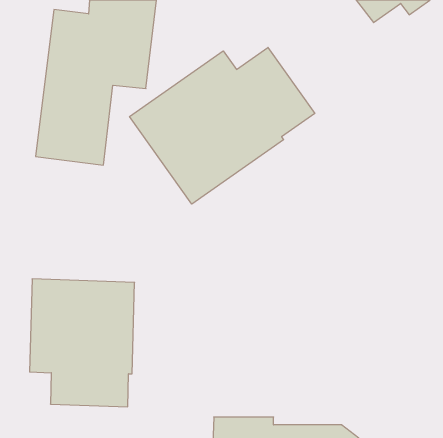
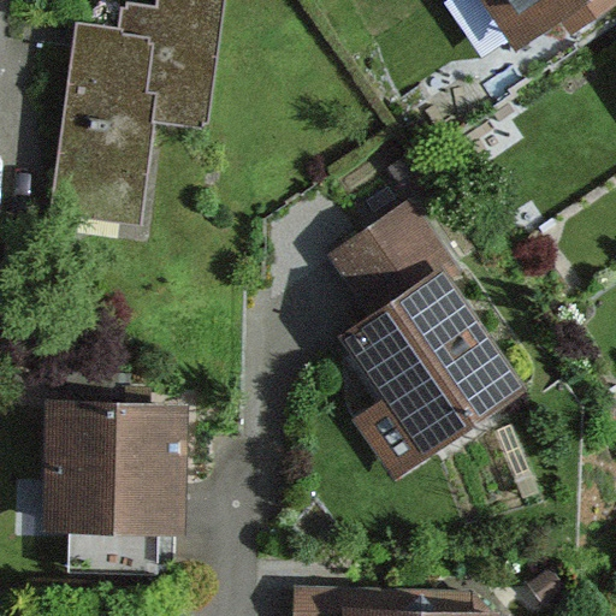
building: [130,47,315,204] -> none
building: none -> [328,206,534,478]

